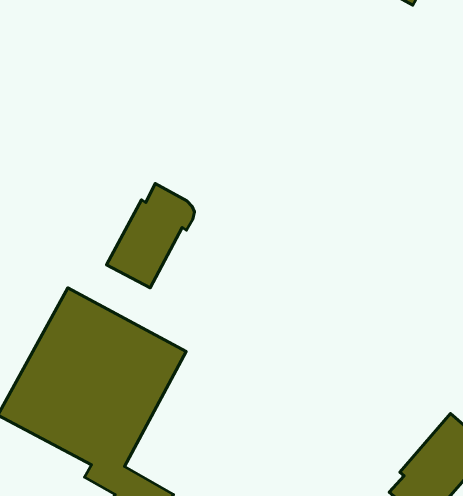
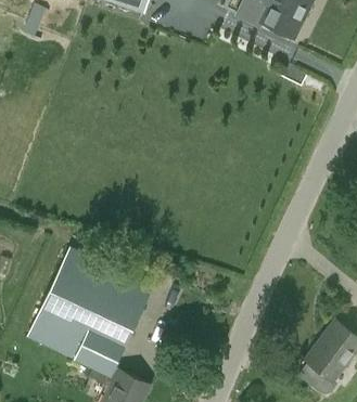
building: [107,184,195,288] -> none

